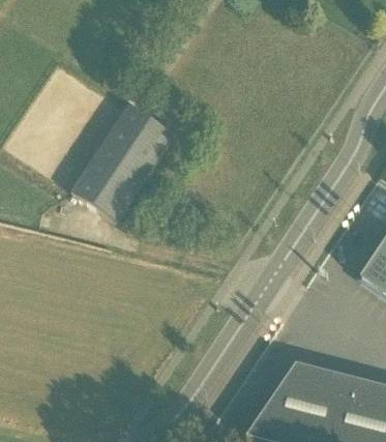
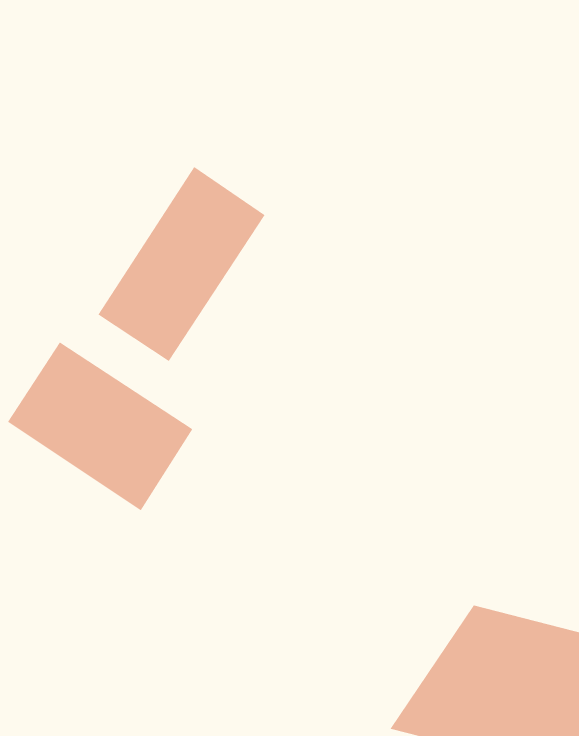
building: none -> [7,342,193,511]

